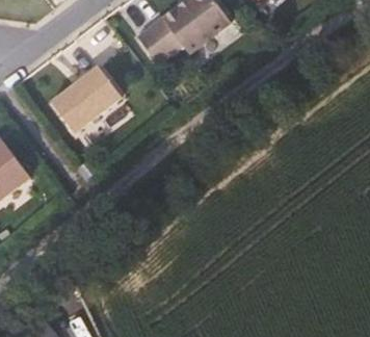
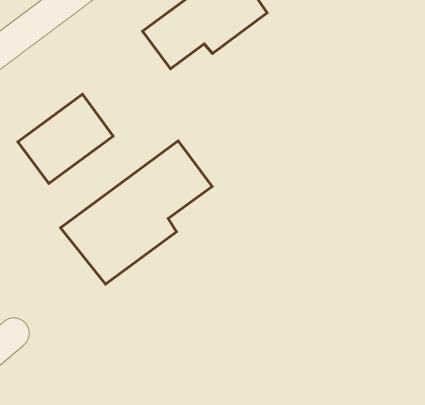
building: none -> [61,141,212,284]

